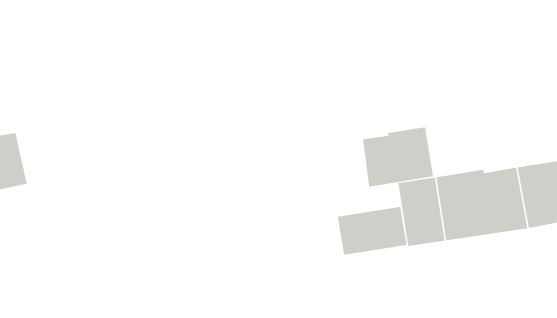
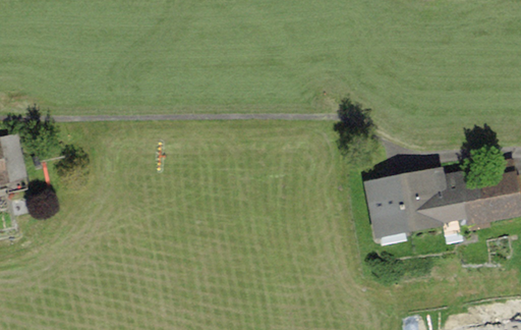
building: [362,127,434,187] -> none
building: [337,206,407,256] -> none

